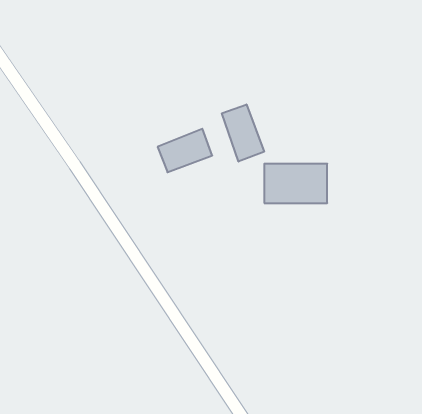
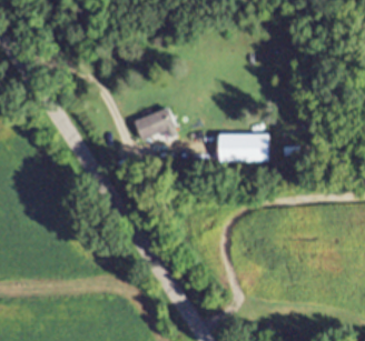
building: [222,104,264,162] -> none

